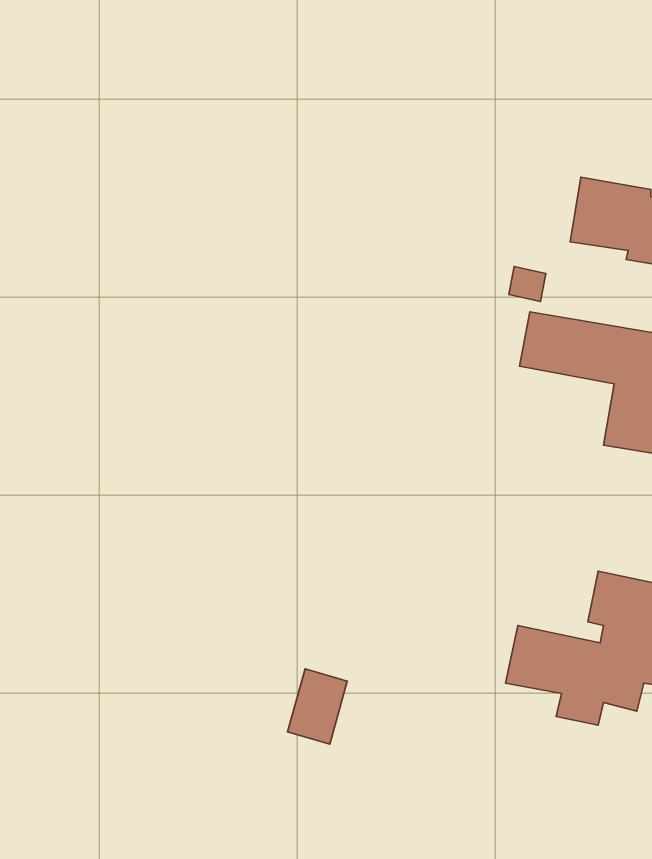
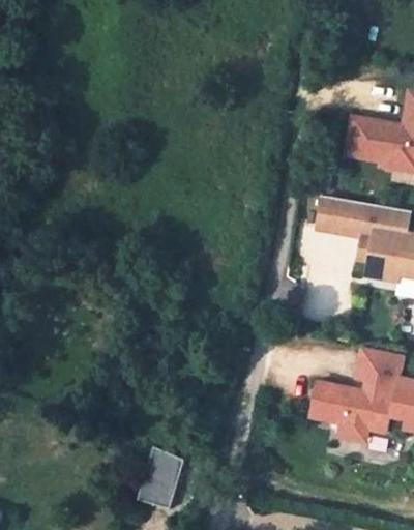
building: [288,669,347,744] -> [142,464,177,508]

